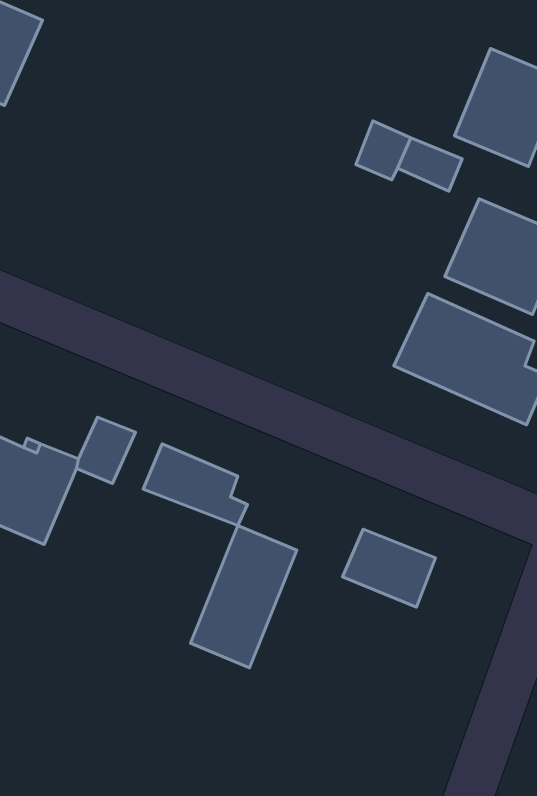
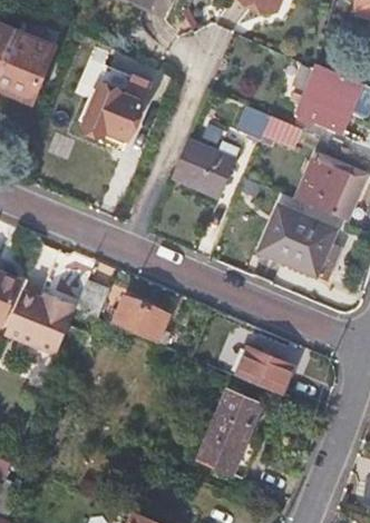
building: none -> [80,69,146,146]
building: none -> [174,140,235,197]
building: [191,525,297,668] -> [198,391,261,474]

